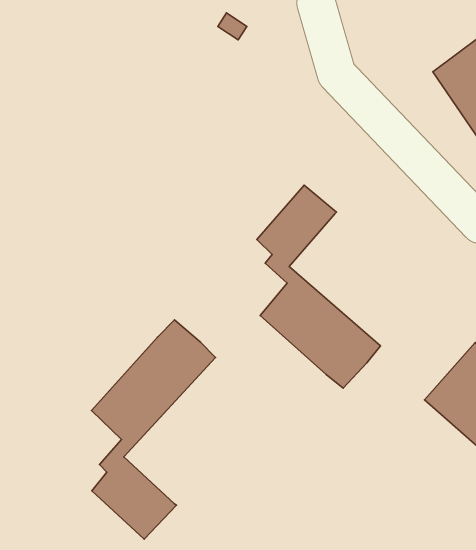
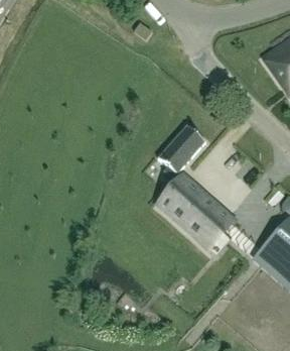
building: [91,320,216,539] -> none

